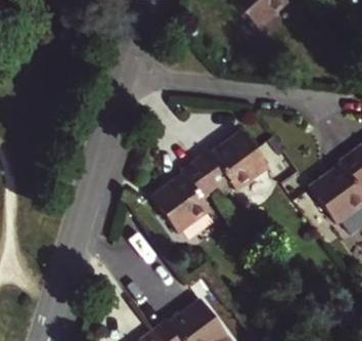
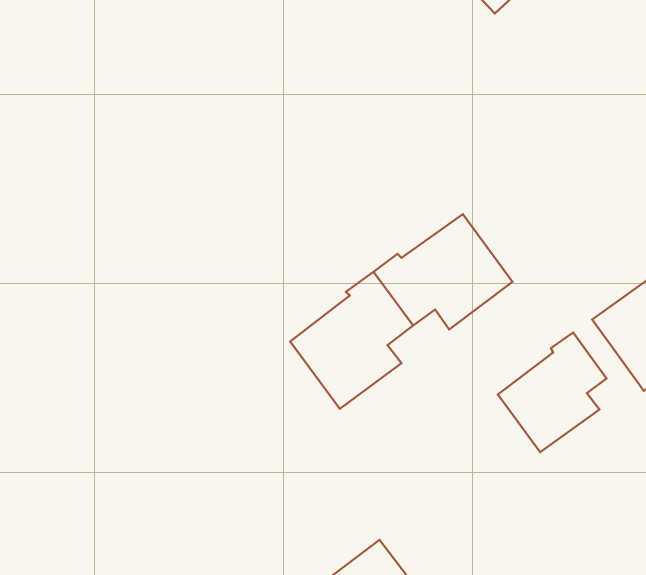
building: none -> [498,332,607,452]

